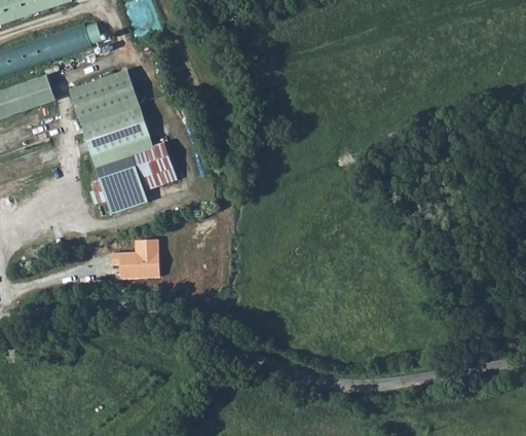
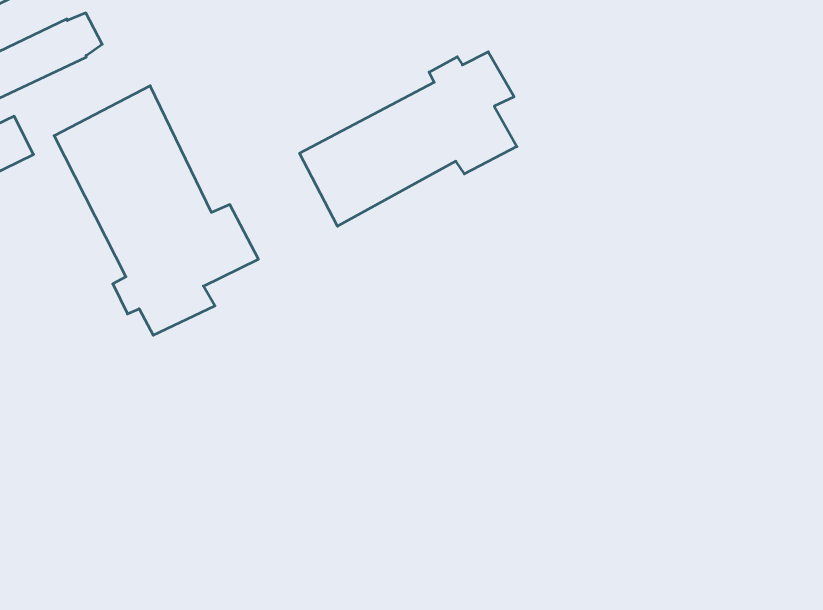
building: none -> [300,52,517,226]
building: [110,238,158,279] -> none

